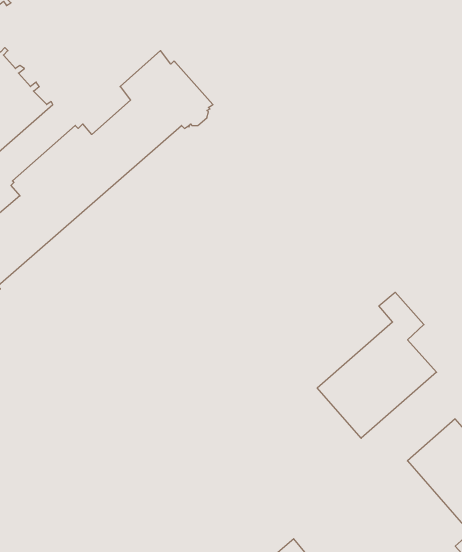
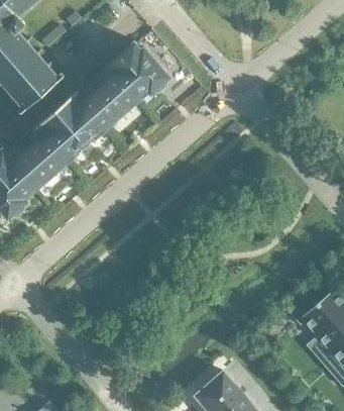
building: [317,292,437,438] -> none

